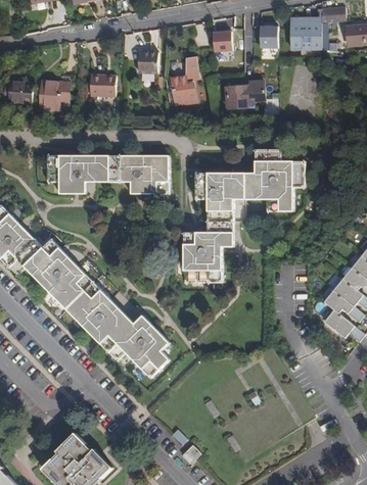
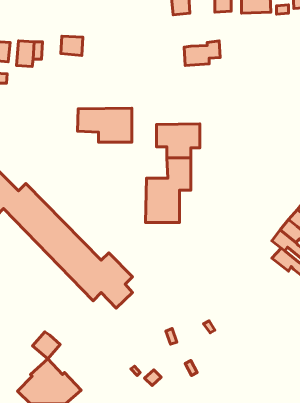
building: [137,53,158,75] -> none
building: [170,55,200,104] -> none
building: [243,149,305,209] -> none
building: [47,154,108,192] -> none
building: none -> [33,332,60,359]

